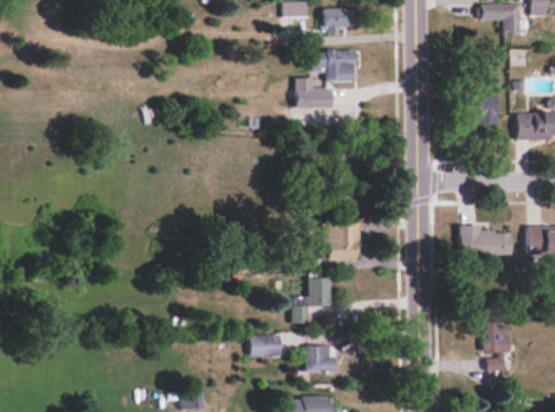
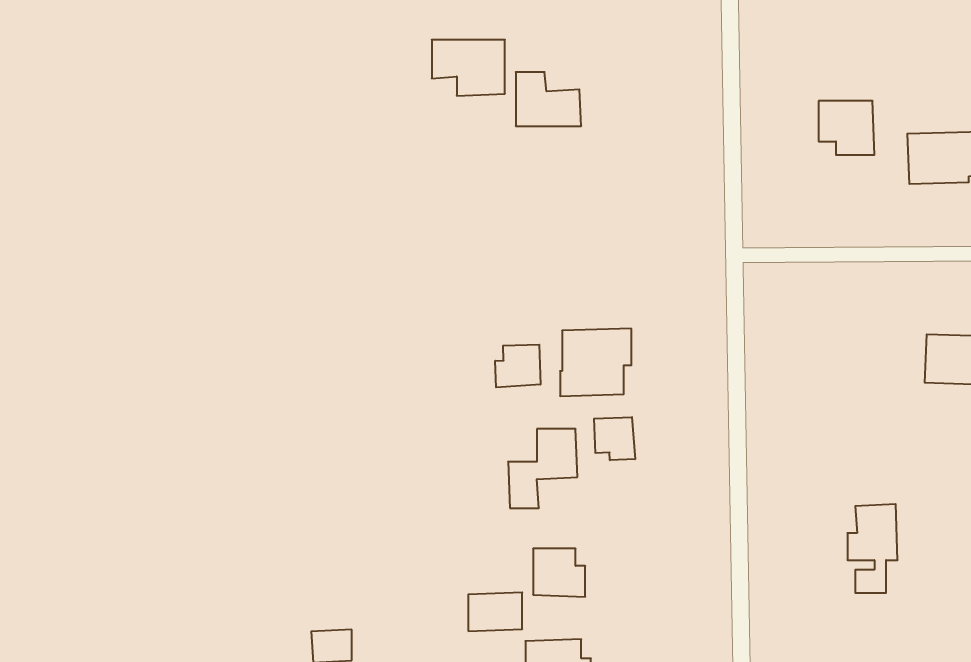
building: [312,51,353,82] -> [432,40,505,96]
building: [460,226,512,255] -> none
building: none -> [495,345,540,387]
building: none -> [594,417,635,460]
building: [249,335,280,357] -> [468,592,522,631]

